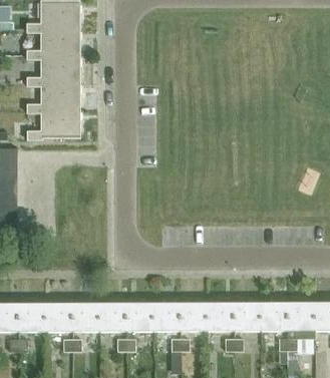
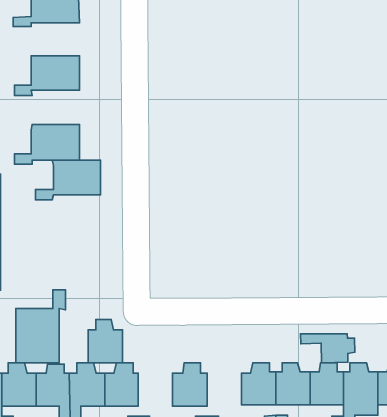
building: [27,29,79,59] -> none
building: [28,82,79,113] -> [36,160,101,200]
building: none -> [16,290,66,363]
building: none -> [301,334,355,363]
building: [125,297,152,331] -> [88,320,123,363]
building: [180,297,207,331] -> none

